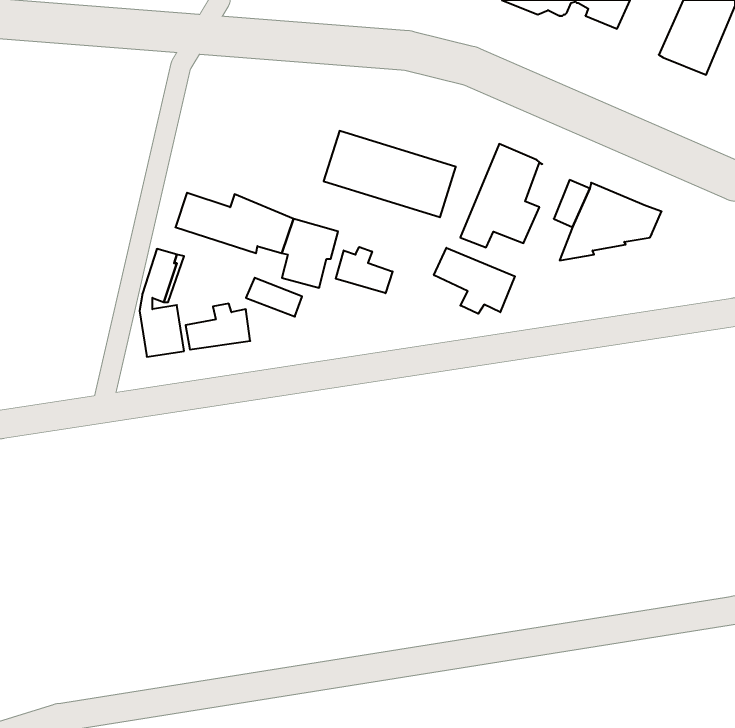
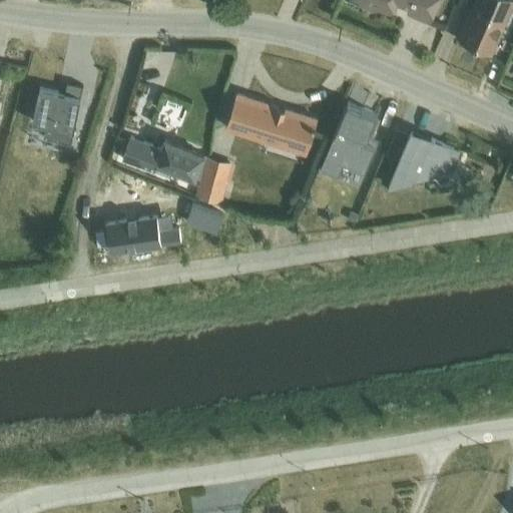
building: none -> [33,86,83,147]
building: [336,247,393,293] -> none
building: [434,248,515,314] -> none

